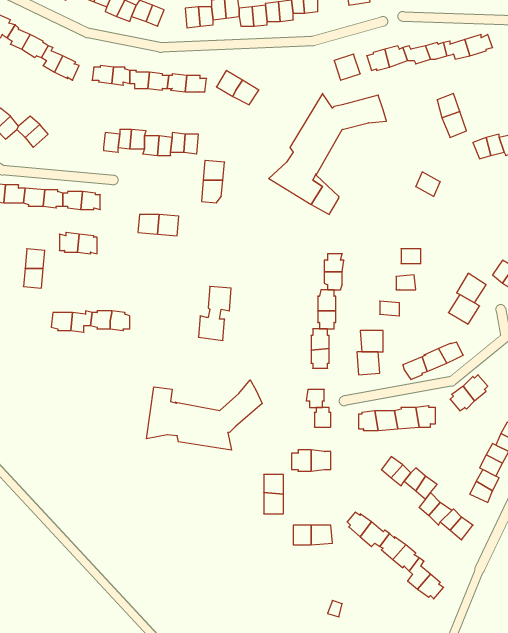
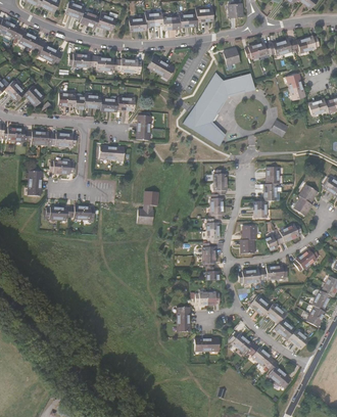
building: [146,380,262,450] -> none

